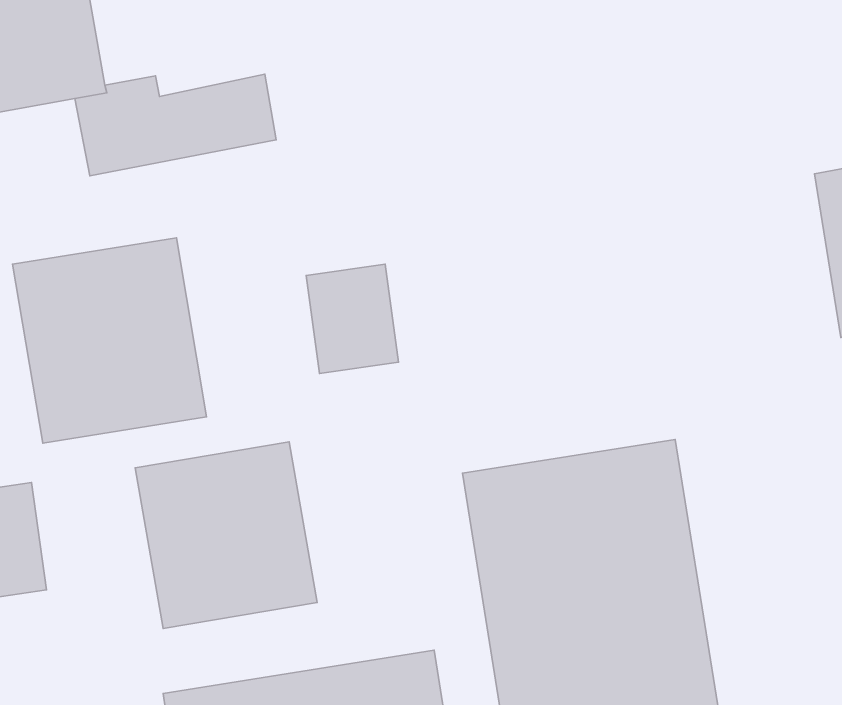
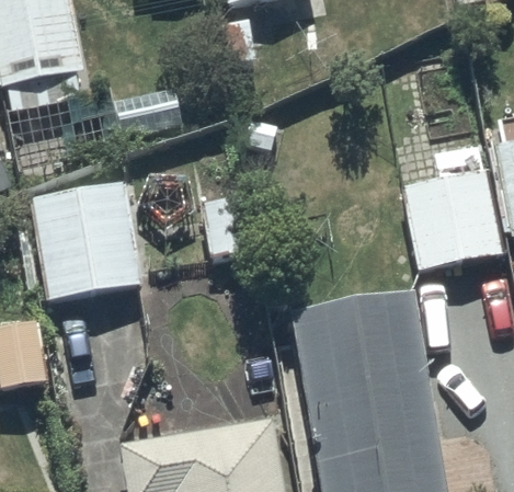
building: none -> [400,145,500,271]
building: [135,442,317,629] -> none

